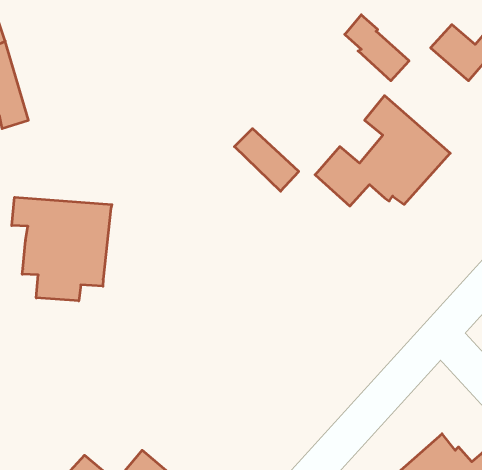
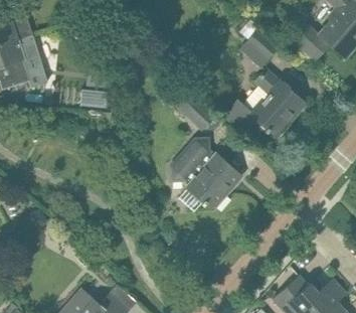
building: none -> [81,90,110,110]
building: [12,197,112,301] -> none
building: none -> [169,137,240,208]

